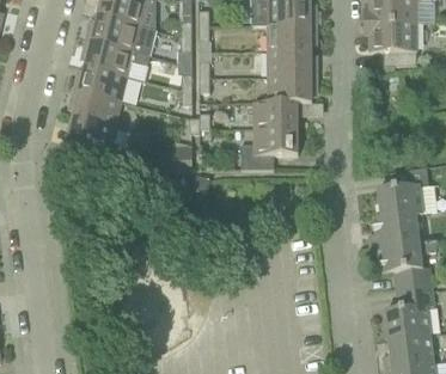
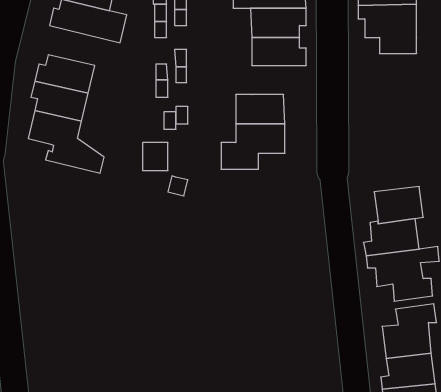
building: [83,39,149,75] -> none
building: [268,75,317,102] -> none

